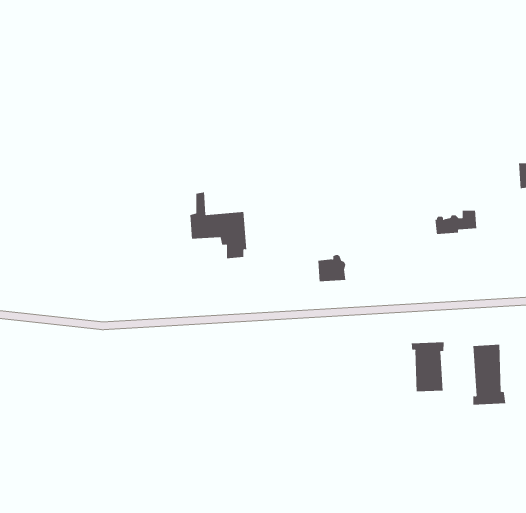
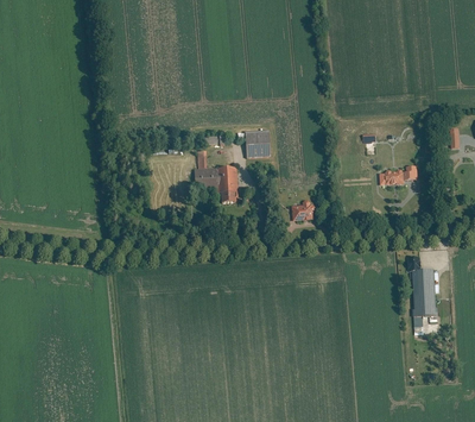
building: none -> [243,130,270,158]
building: [411,341,444,392] -> none

